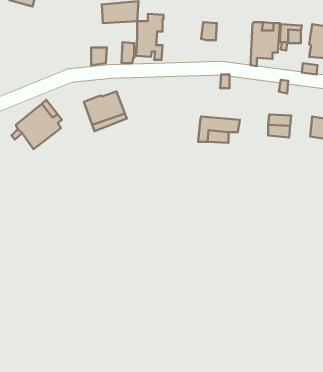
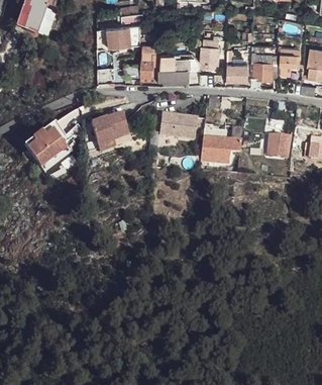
building: none -> [165,58,187,85]
building: none -> [226,66,247,84]
building: none -> [159,115,205,141]

